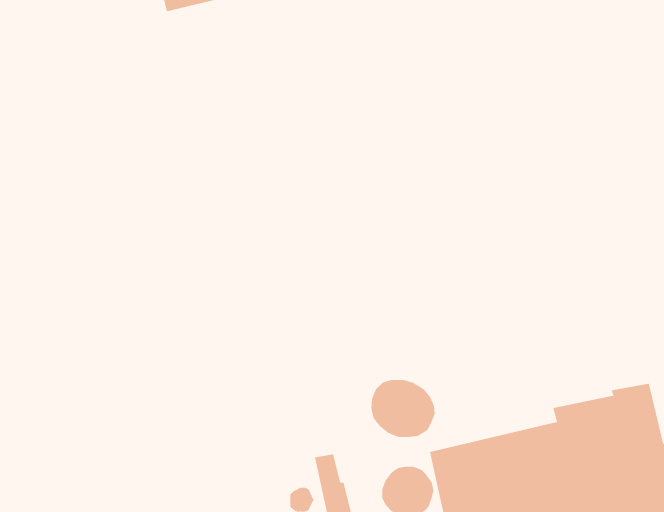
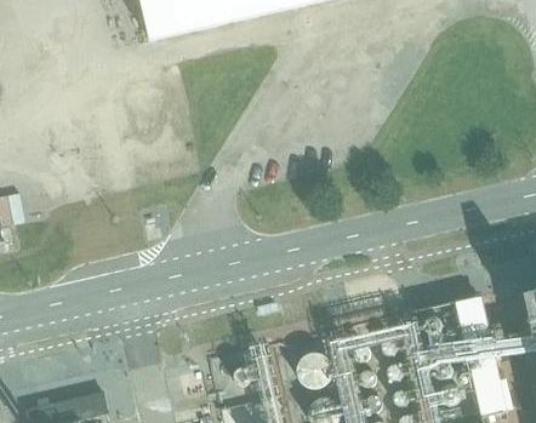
building: [371,379,435,438] -> none

